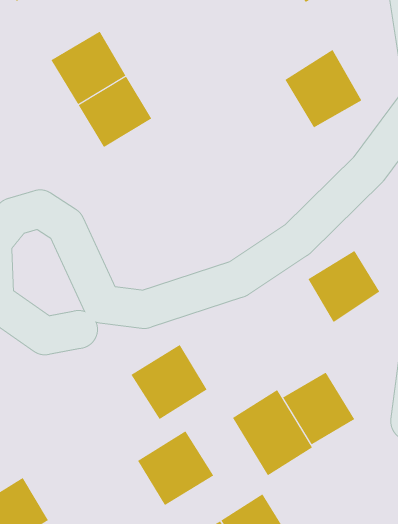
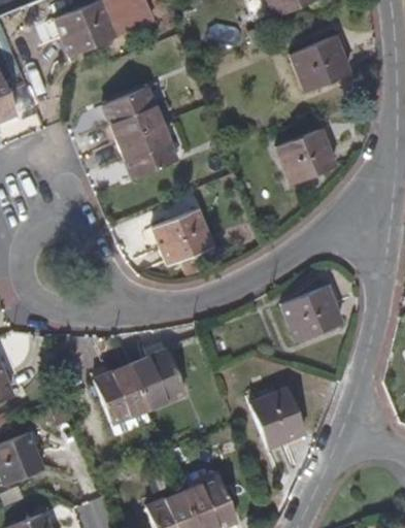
building: none -> [153,208,210,264]
building: [232,389,313,476] -> none
building: [137,431,214,506] -> [86,363,145,421]

